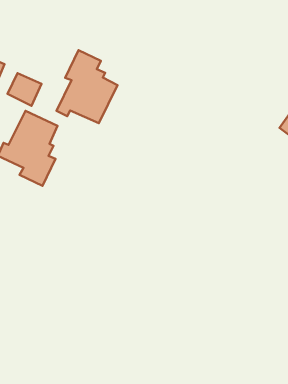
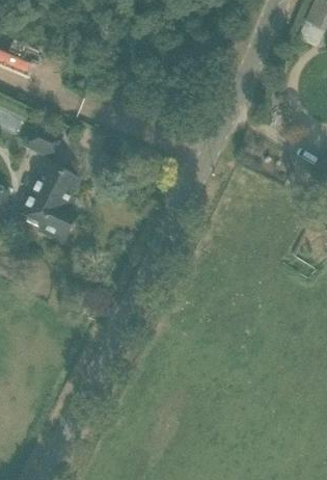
building: [57,50,117,123] -> none

